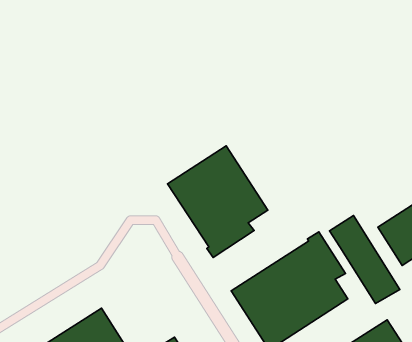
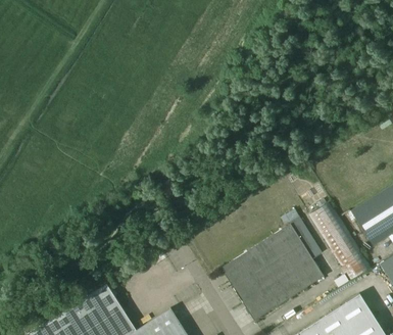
building: [168,146,268,257] -> none

